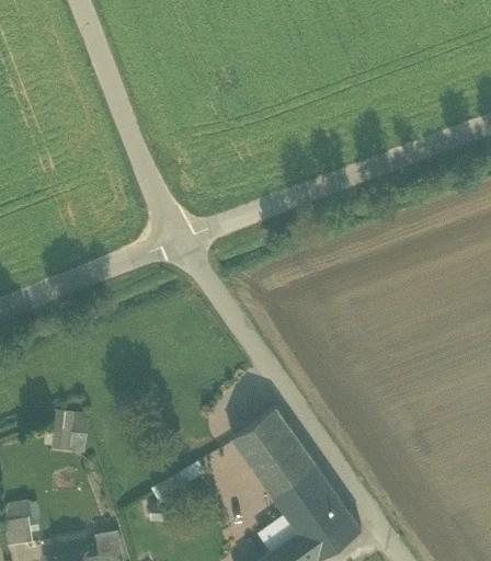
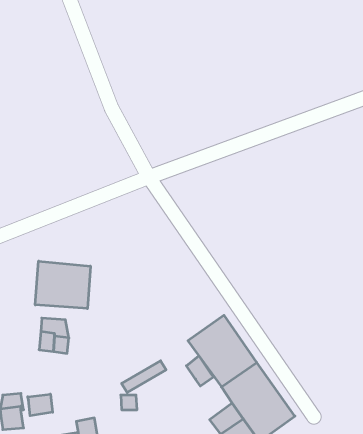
building: none -> [35,261,90,309]
building: none -> [186,356,214,386]
building: none -> [28,394,53,416]

